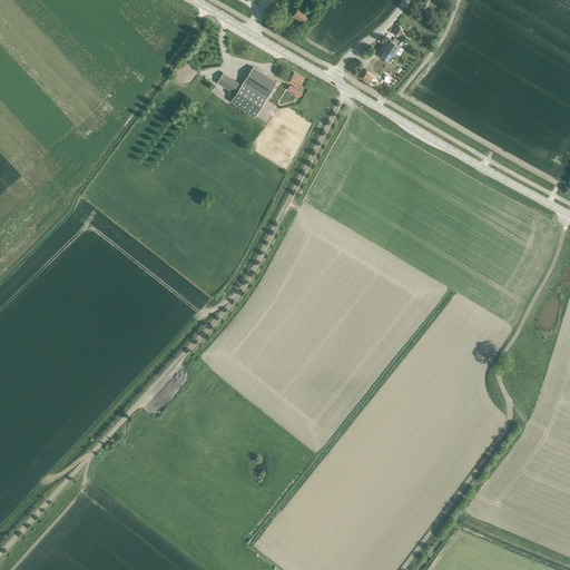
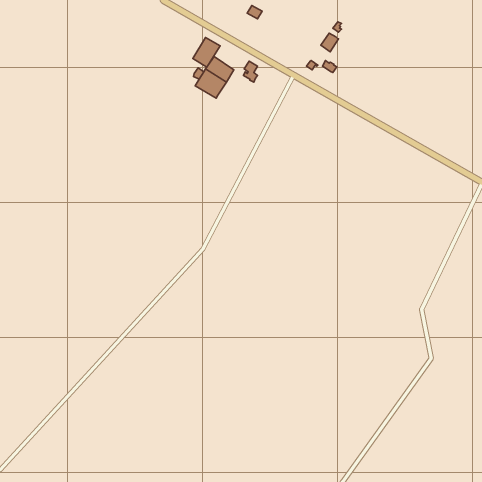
building: none -> [193,37,220,67]

